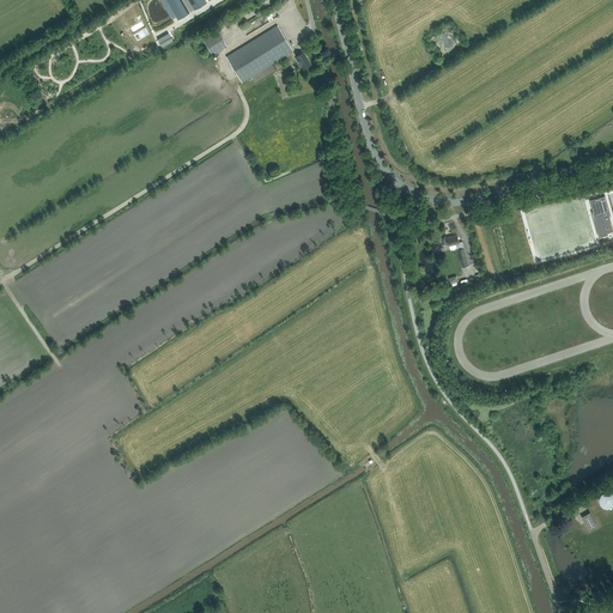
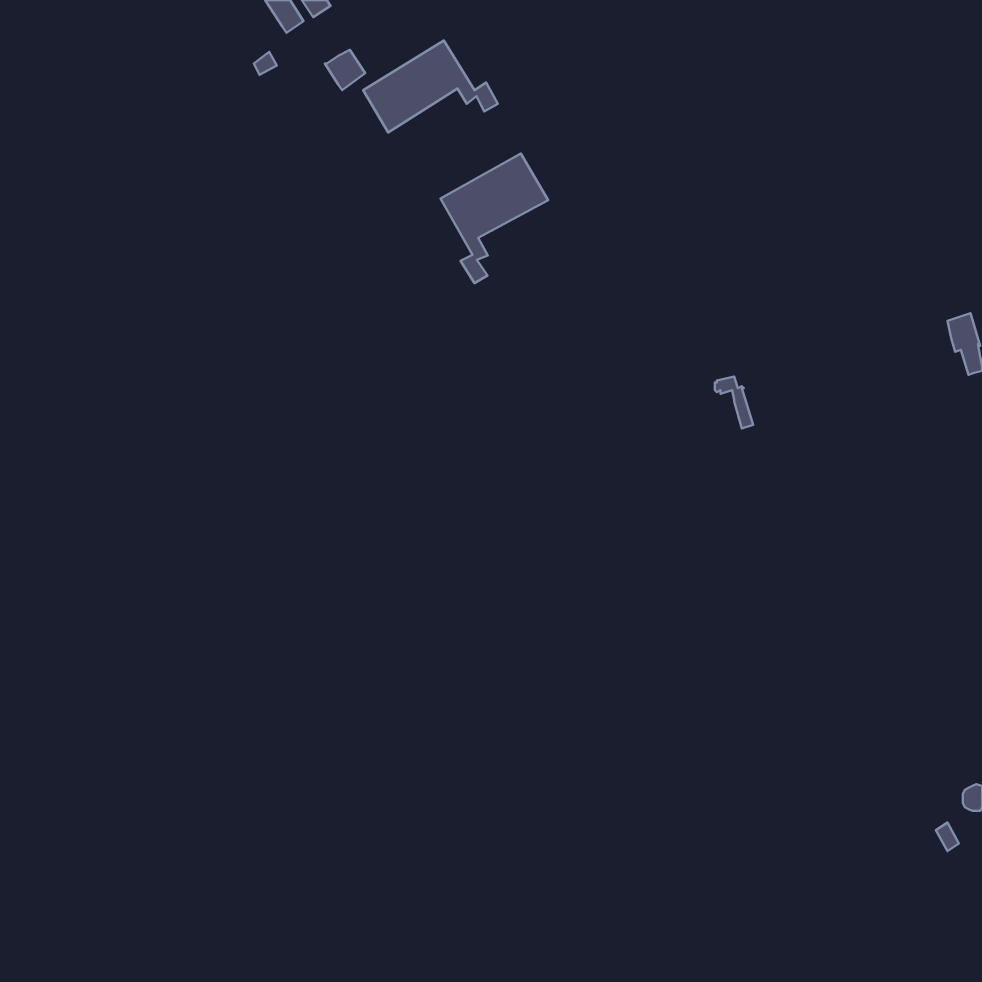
building: none -> [440,154,548,283]

